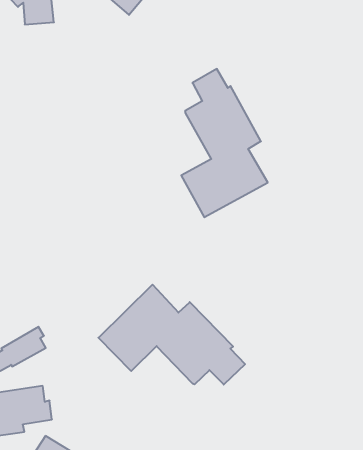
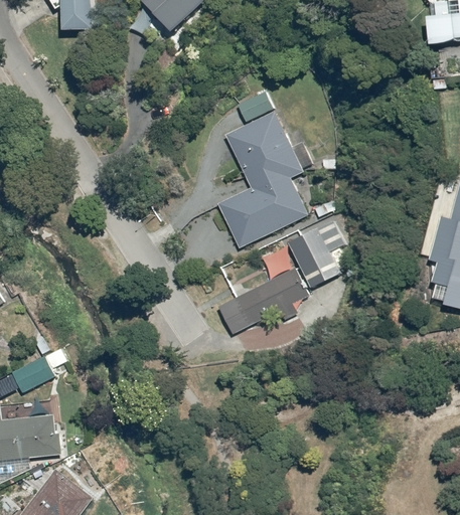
building: none -> [234,228,342,326]
building: [98,285,245,385] -> none

